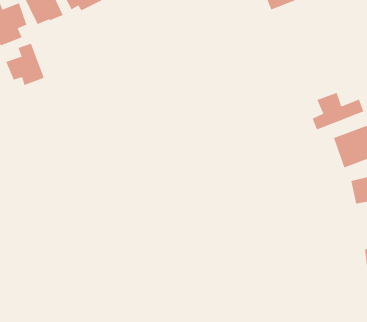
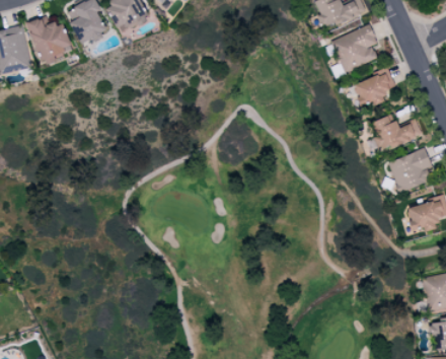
building: none -> [331,25,378,72]
building: [6,43,45,86] -> none
building: none -> [354,70,395,107]

